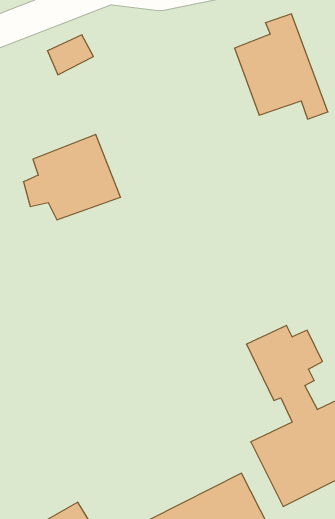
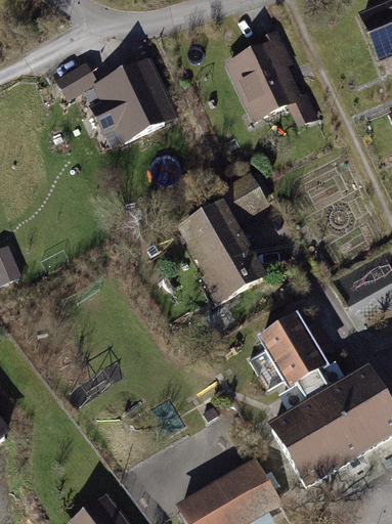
building: [23,134,121,220] -> [82,60,173,142]
building: none -> [189,177,271,303]

